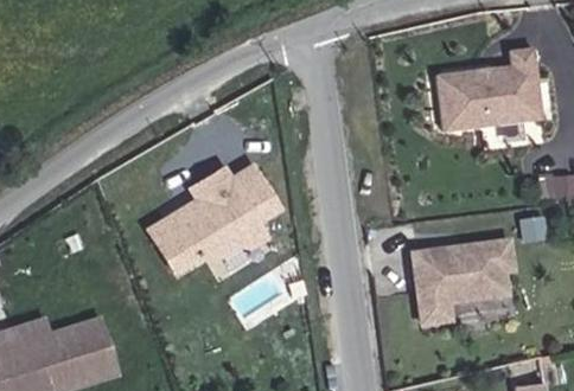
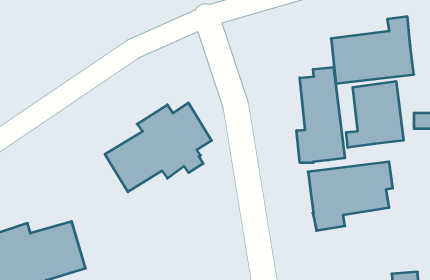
building: none -> [297,67,345,163]
building: none -> [346,81,403,148]

